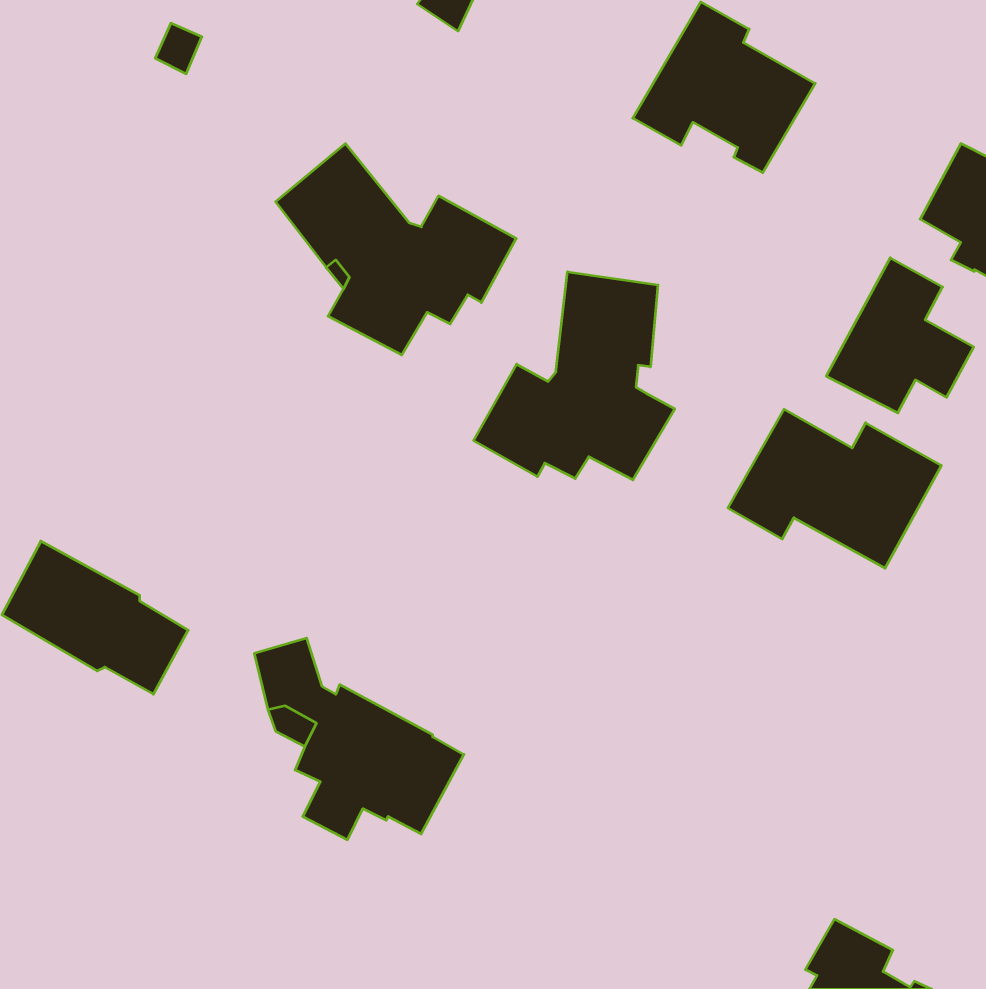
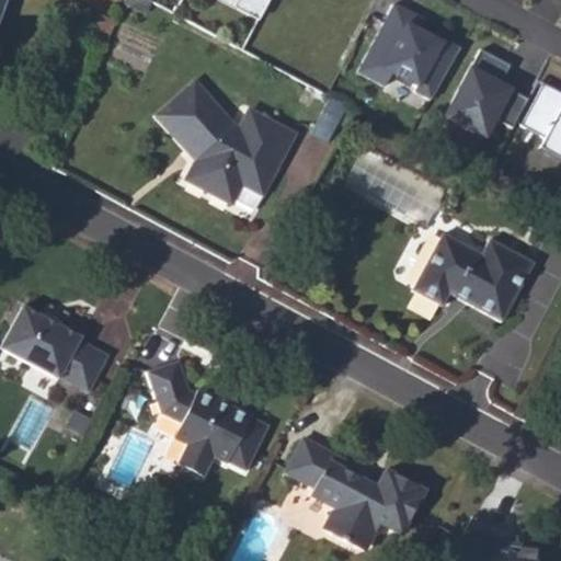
building: [826,258,974,413] -> [447,47,530,135]
building: [474,272,675,480] -> none
building: none -> [282,438,425,548]

